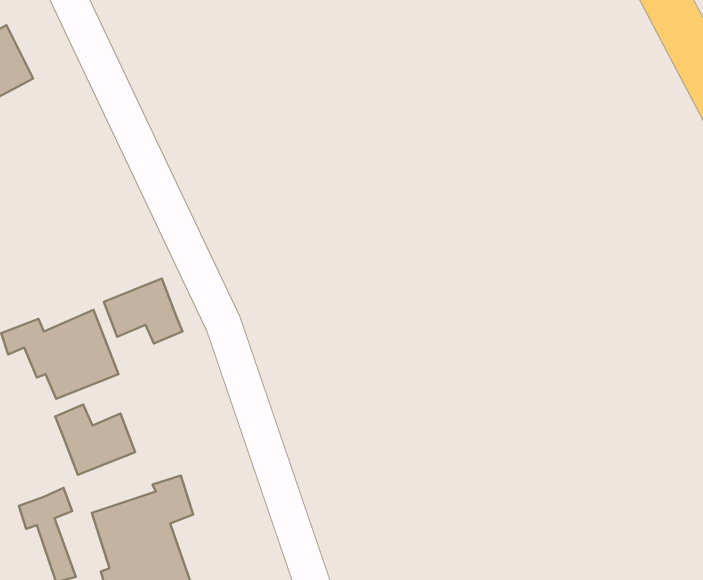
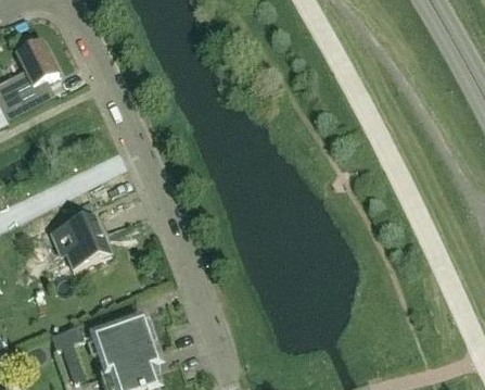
building: [104,279,182,344] -> none
building: [55,405,135,475] -> none

